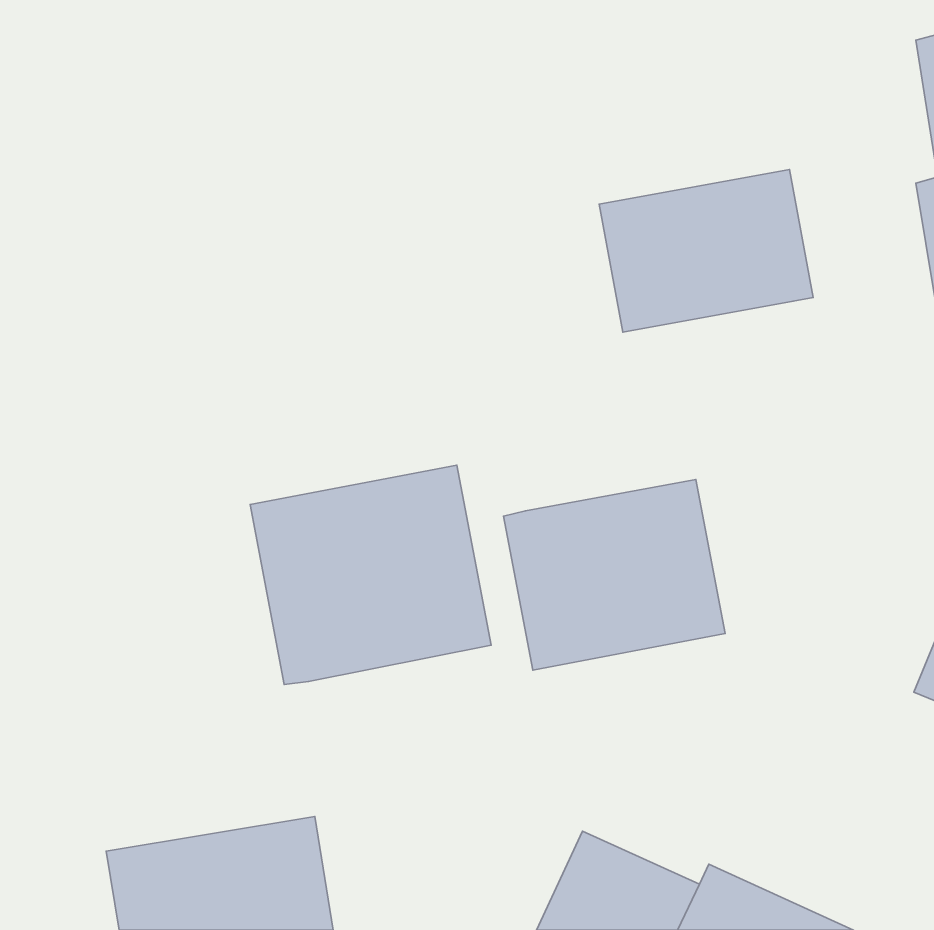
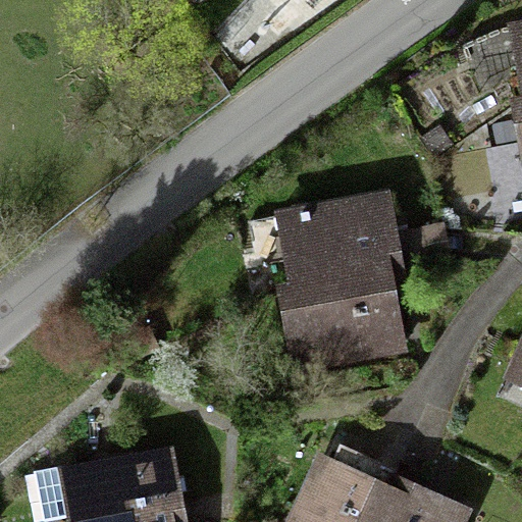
building: [599,169,813,332] -> [280,194,400,284]
building: [250,465,491,685] -> none

